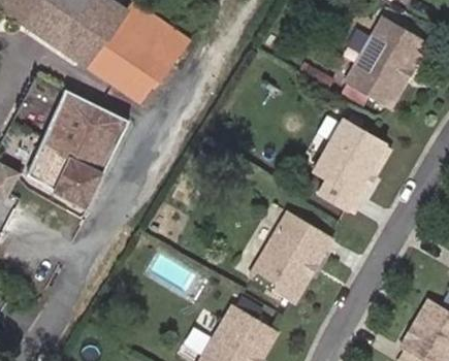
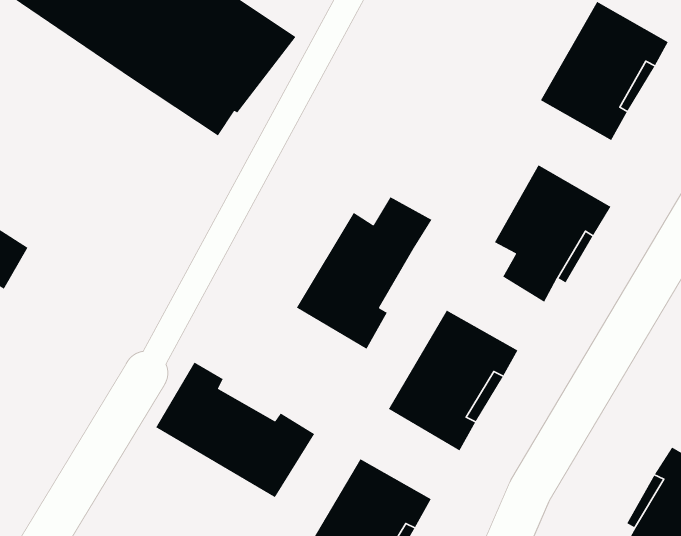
building: [26,91,126,207] -> none
building: none -> [296,196,433,350]
building: none -> [155,361,315,498]

